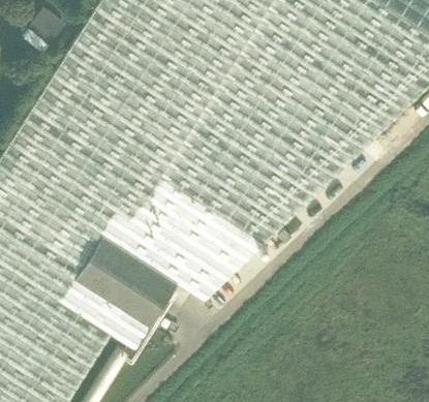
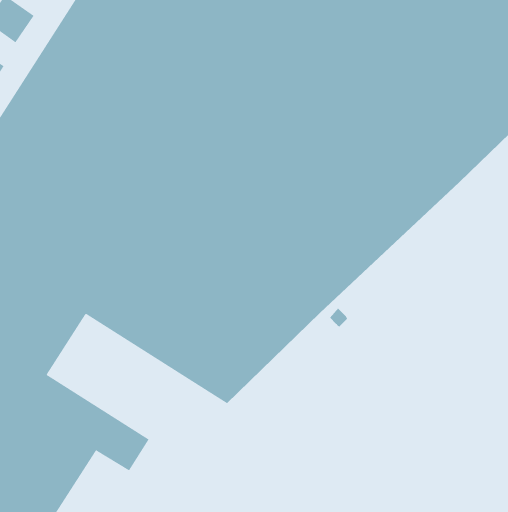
building: [78,233,179,322] -> none

